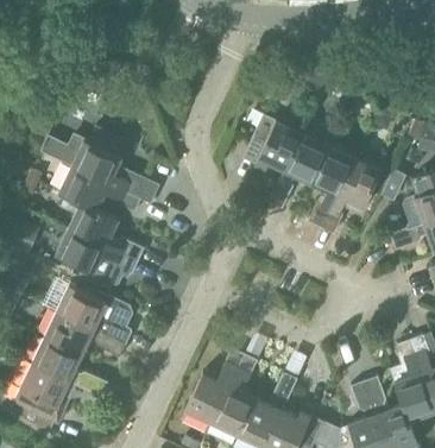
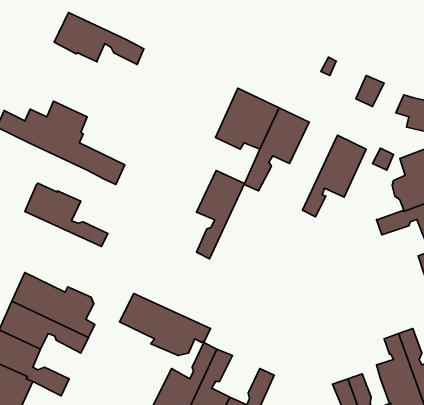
building: [310,145,354,226] -> [197,171,245,259]
building: [58,164,140,212] -> [54,12,144,64]
building: [55,227,138,284] -> [120,293,210,356]

